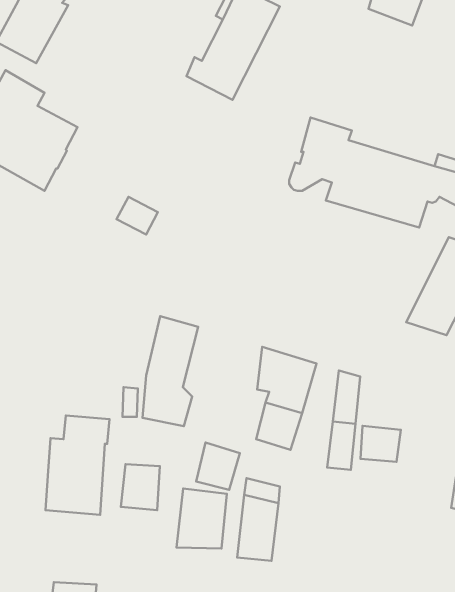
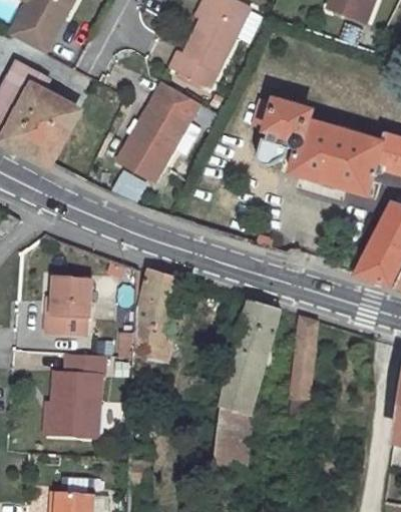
building: none -> [118,82,198,180]
building: none -> [45,277,91,335]
building: [360,426,401,462] -> none
building: [196,443,240,490] -> [221,373,258,413]
building: [121,464,160,510] -> none
building: [176,489,227,549] -> none

